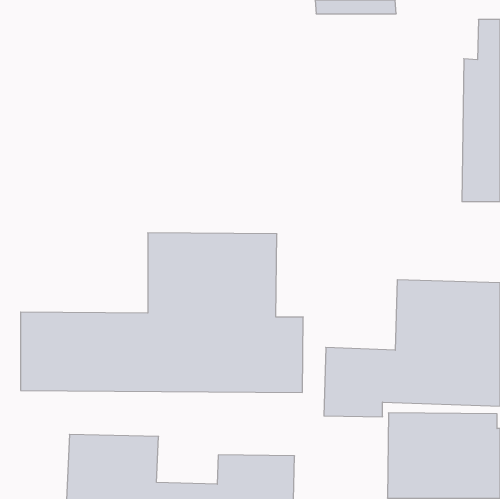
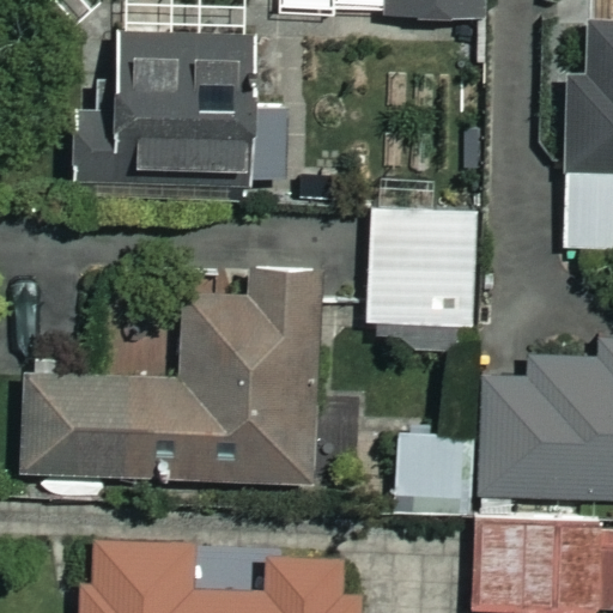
building: none -> [84,16,250,207]
building: none -> [362,208,477,327]

